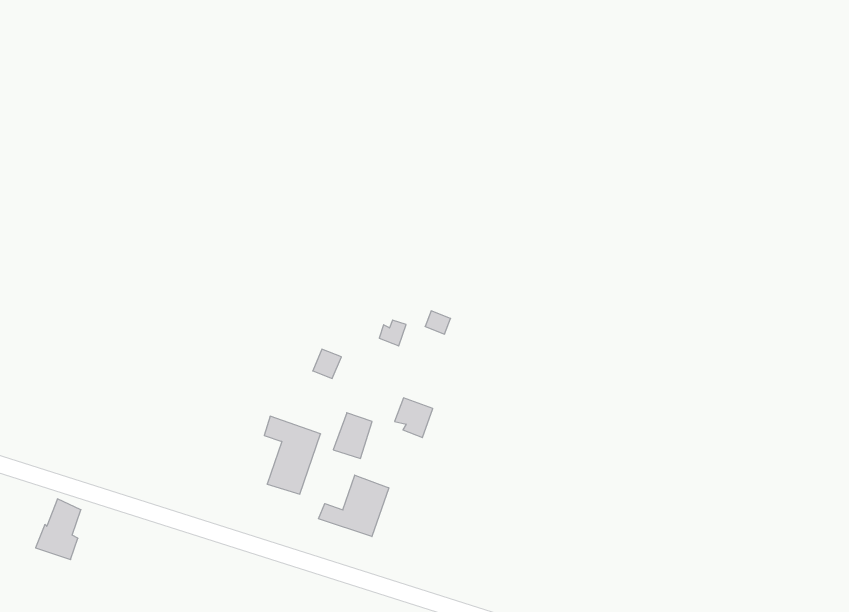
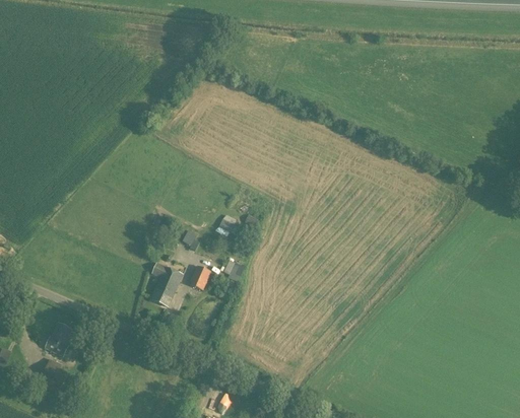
building: [318,475,389,537] -> none
building: [36,499,81,560] -> [46,324,72,357]

